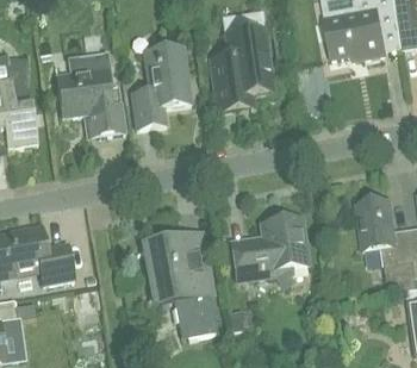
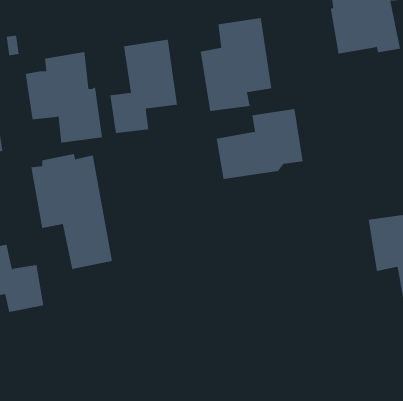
building: [231,216,307,277] -> [216,108,303,179]
building: [147,236,218,337] -> [31,153,113,270]

